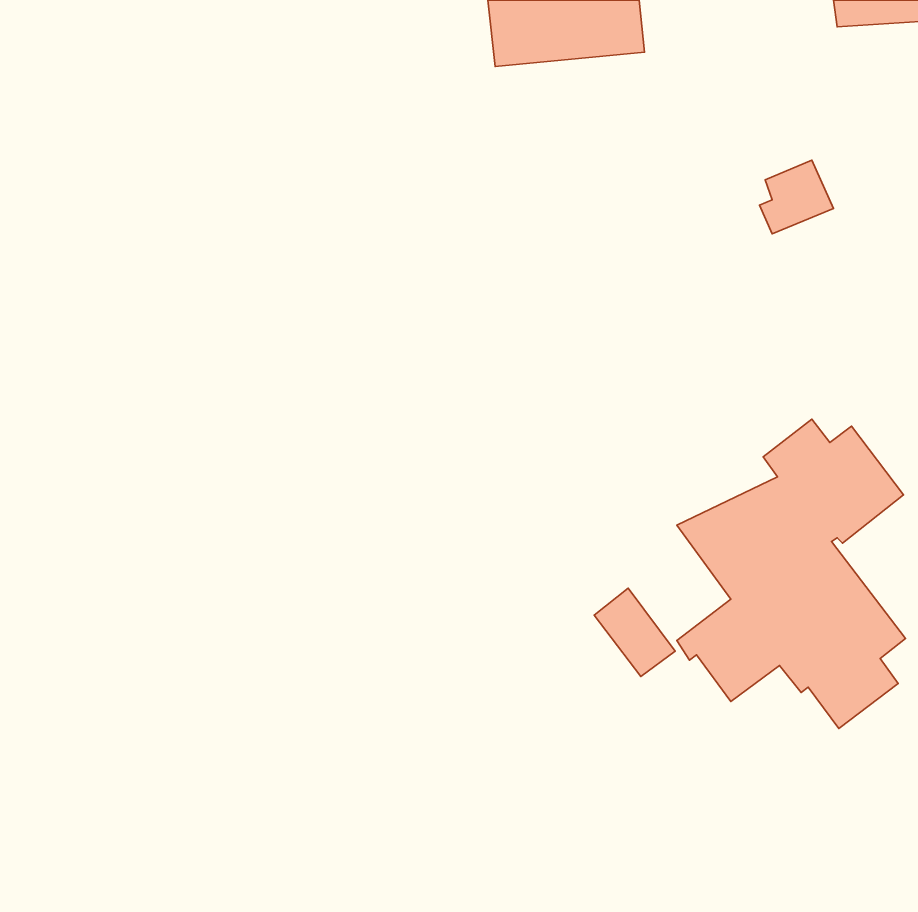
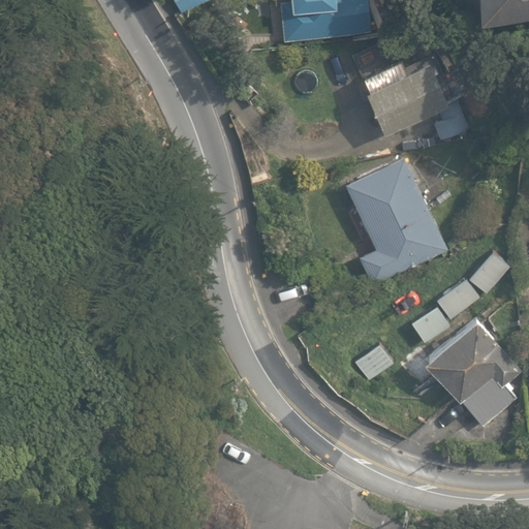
building: none -> [361,61,449,132]
building: none -> [346,155,450,285]

